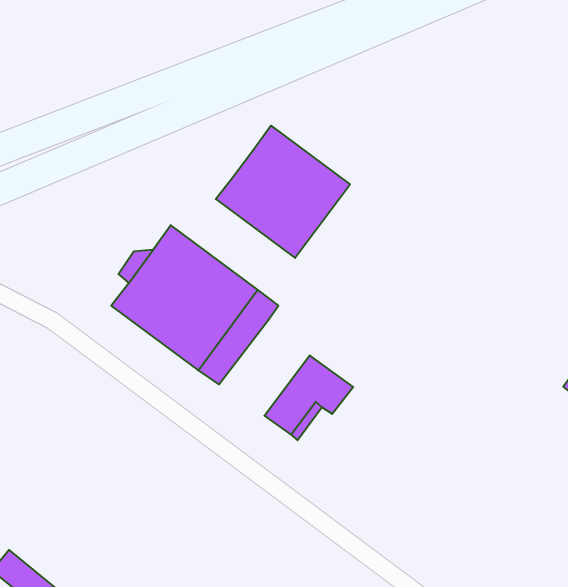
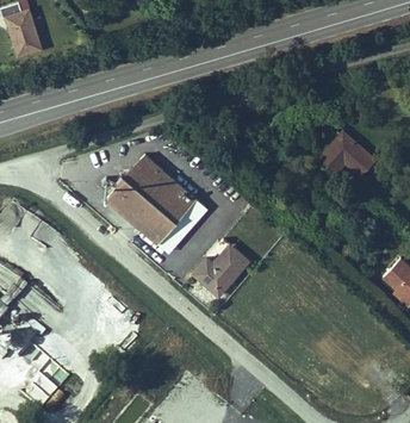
building: [216,126,350,258] -> none
building: none -> [322,133,377,176]

